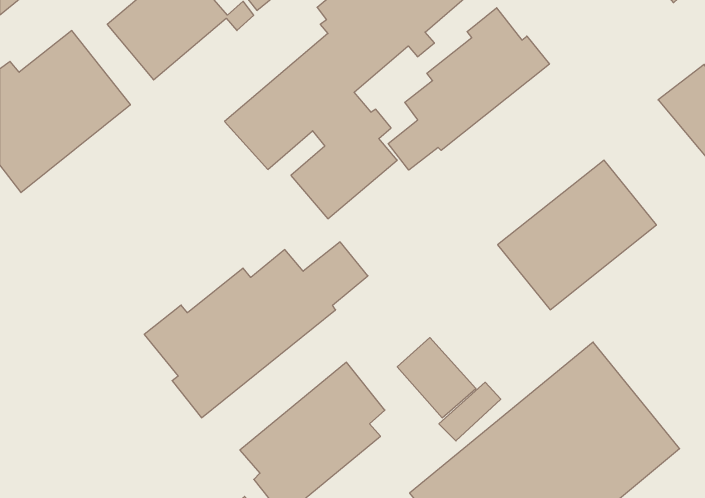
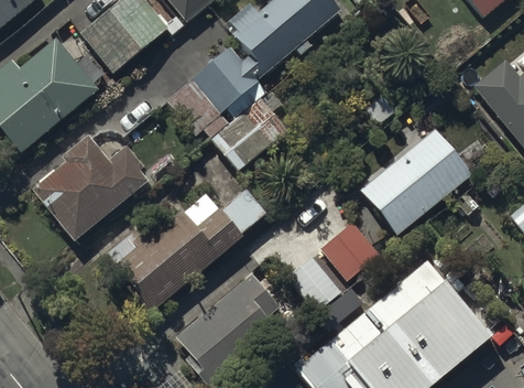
building: [388,8,549,170] -> none
building: none -> [32,134,150,241]
building: none -> [320,222,382,283]

